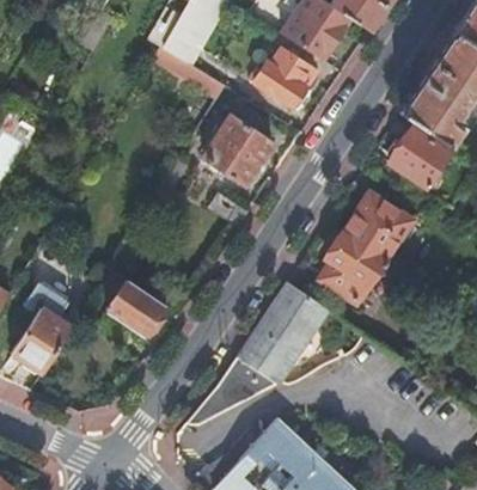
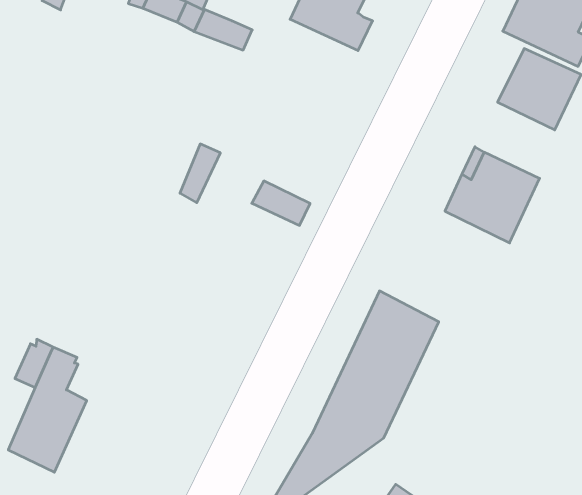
building: [201,117,271,188] -> none
building: [319,232,383,302] -> none
building: [106,281,166,337] -> none

